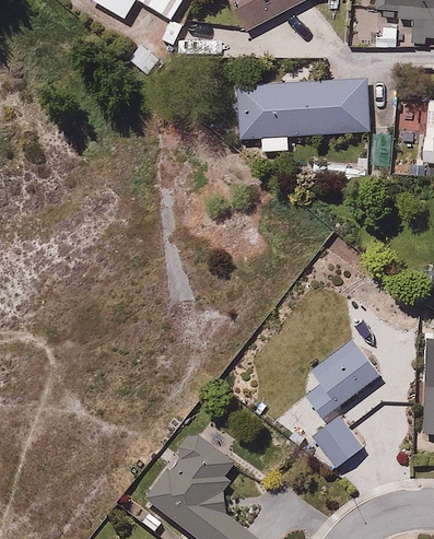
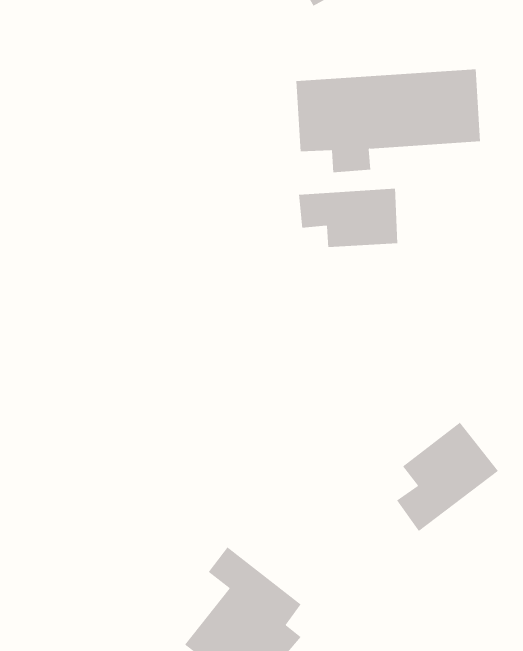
building: none -> [299,188,398,248]
building: [312,413,362,466] -> none

